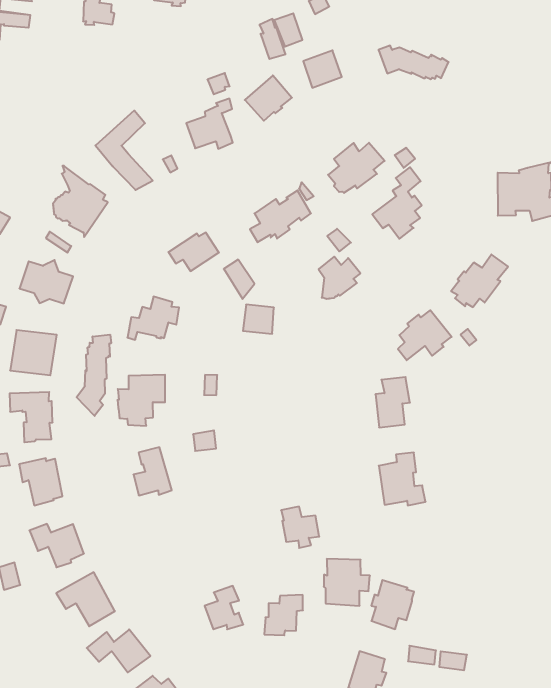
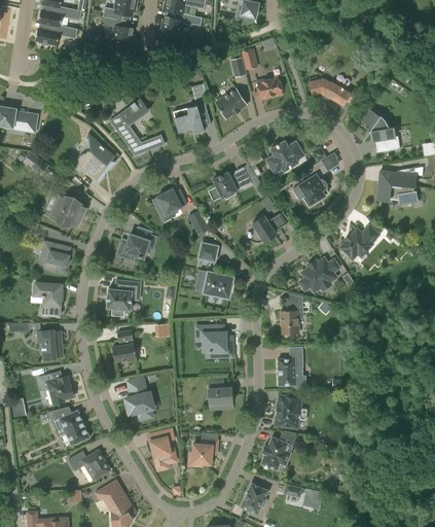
building: none -> [362,109,400,151]
building: [77,335,111,416] -> none
building: none -> [203,271,233,298]
building: none -> [196,326,232,357]
building: none -> [125,379,153,415]
building: [324,559,370,606] -> [275,395,306,429]

